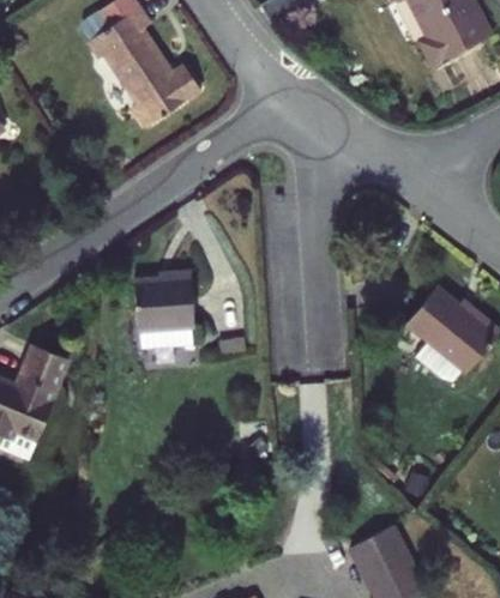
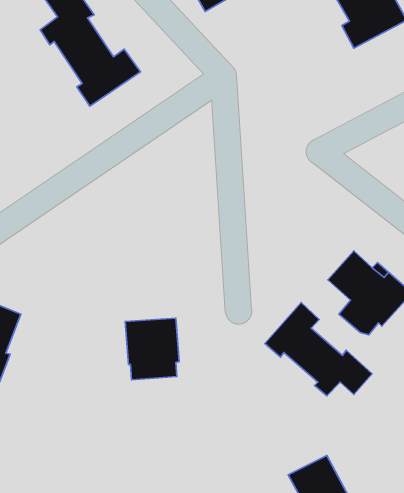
building: [140,273,200,342] -> [125,318,179,380]
building: none -> [265,303,372,396]

